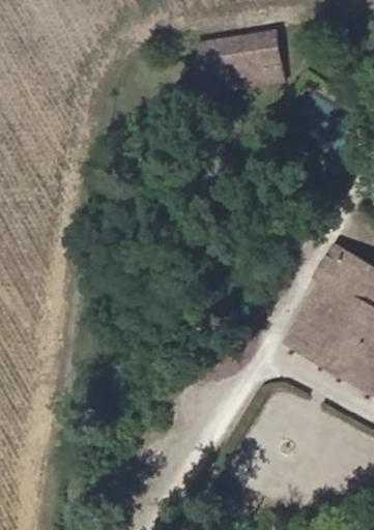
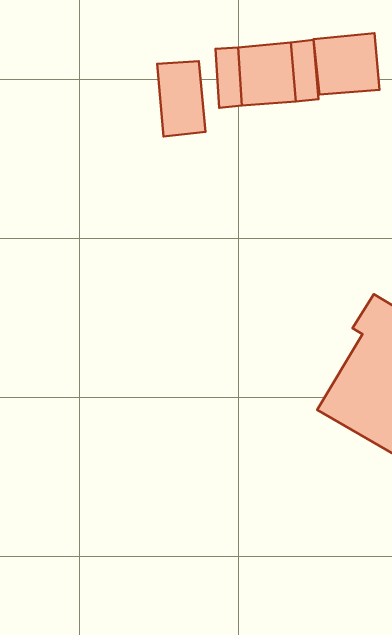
building: none -> [313,33,379,94]
building: none -> [157,61,206,137]

